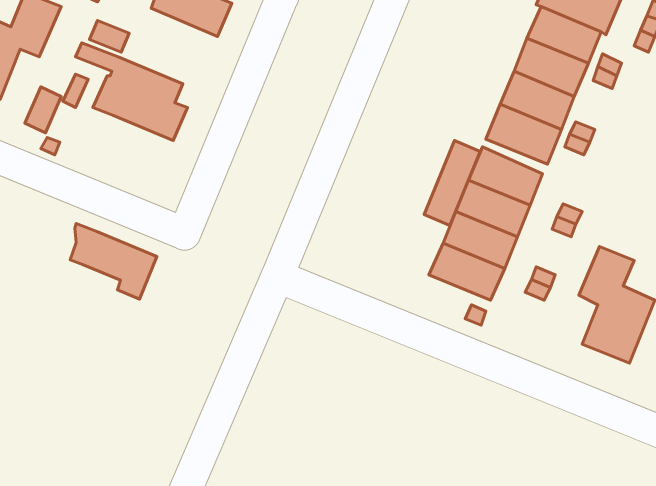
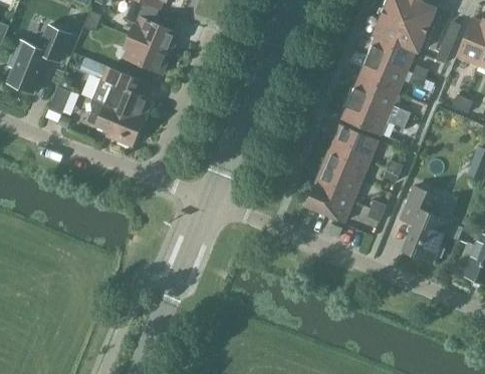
building: none -> [123,35,171,73]
building: [424,141,480,225] -> none
building: [70,223,157,299] -> [87,98,143,146]

